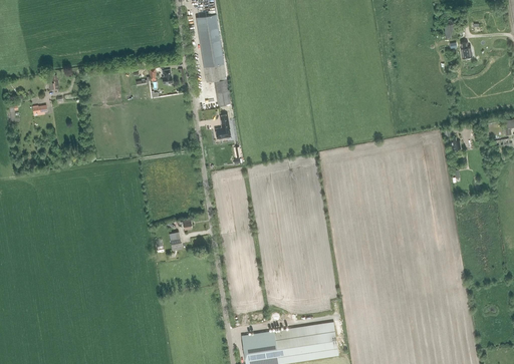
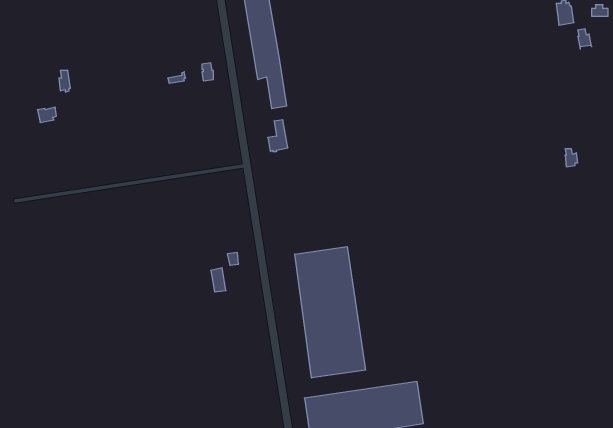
building: none -> [295,247,365,378]

